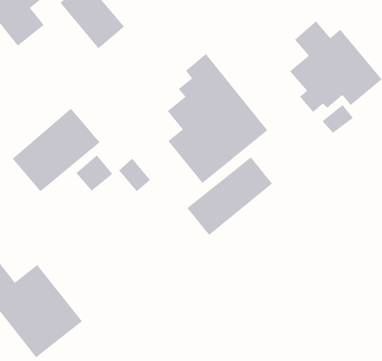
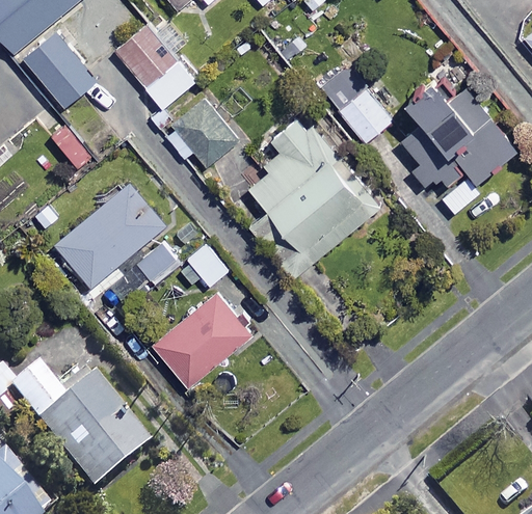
building: none -> [319,65,392,143]
building: none -> [169,97,240,166]
building: [187,157,273,236] -> none
building: none -> [151,292,251,388]

